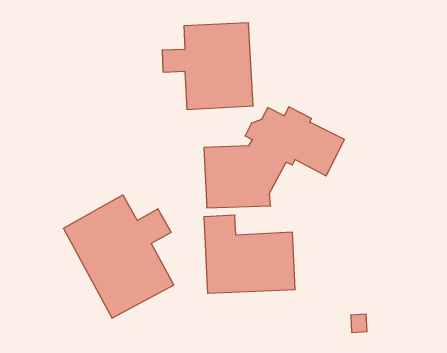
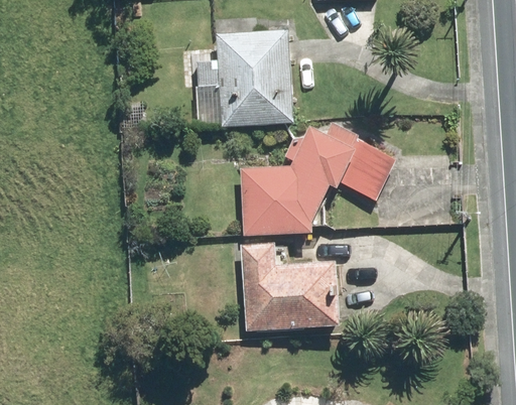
building: [63,195,174,318] -> none

